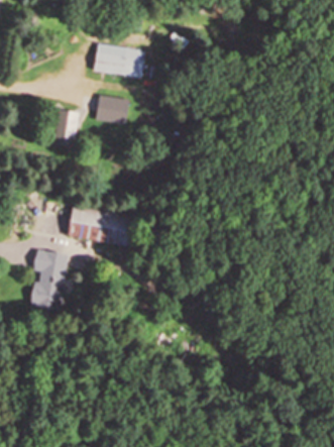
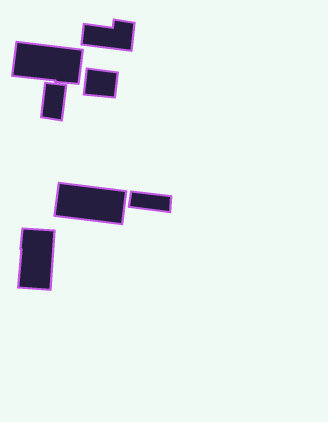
building: none -> [12,42,83,84]
building: none -> [129,191,171,212]

